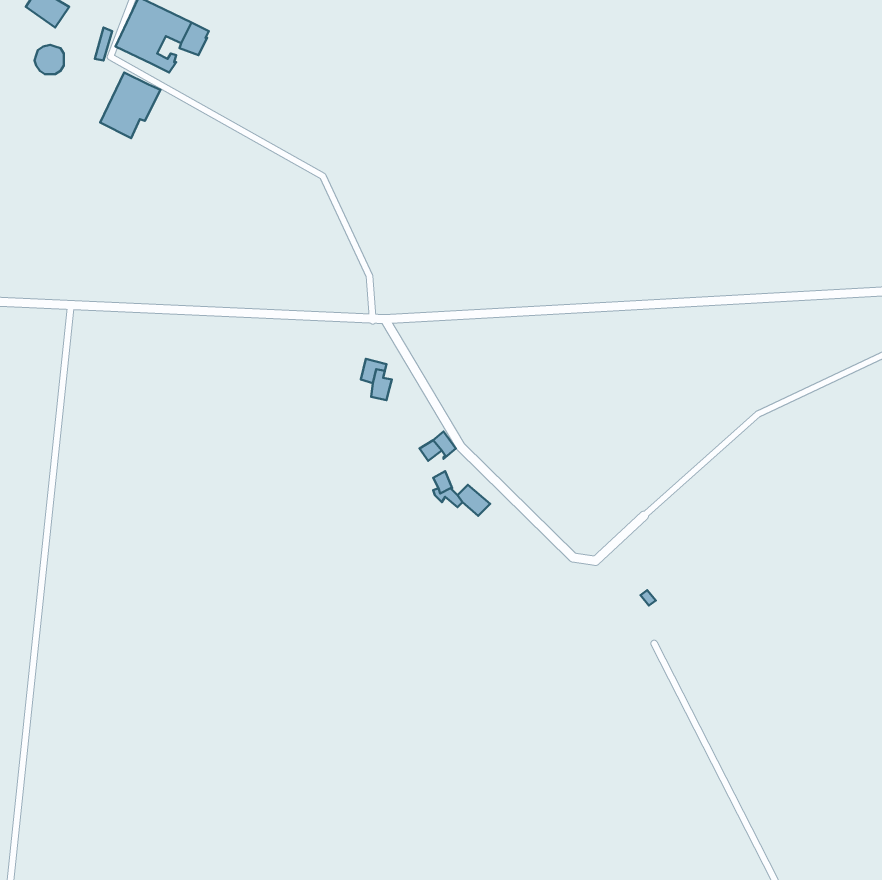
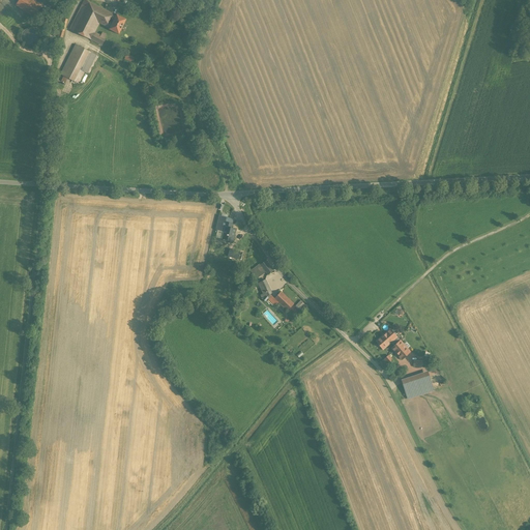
building: none -> [376,327,411,359]
building: none -> [401,371,434,399]

